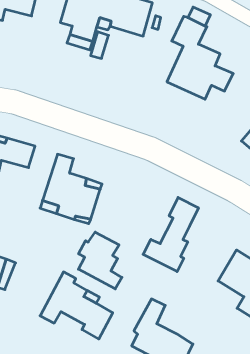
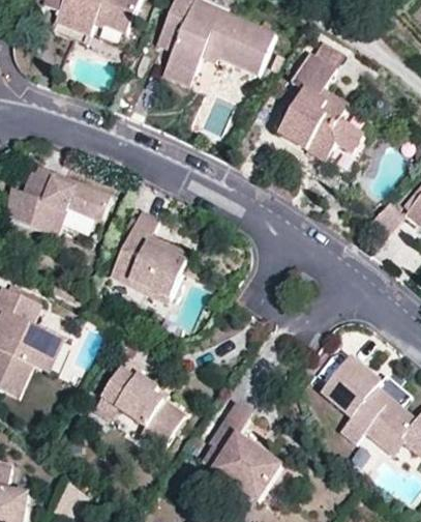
building: [143,197,198,272] -> none
building: [78,232,122,289] -> none

